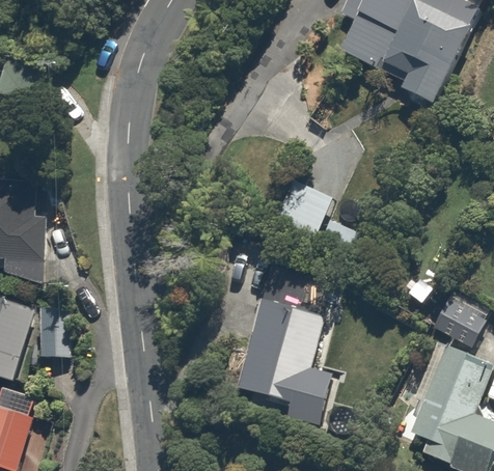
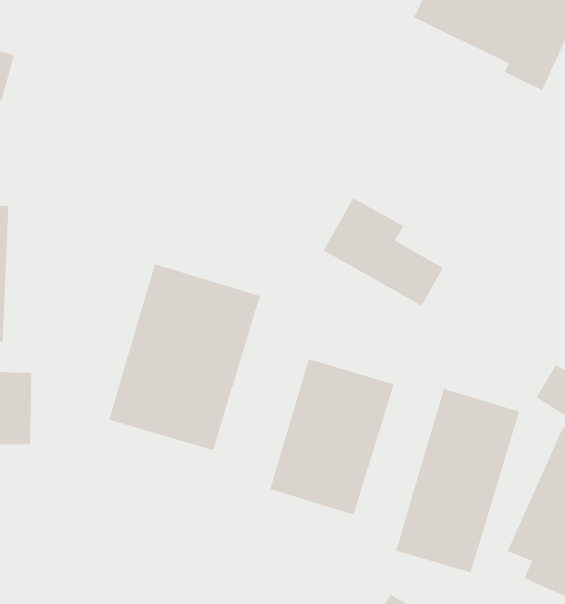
building: none -> [109,264,261,451]
building: none -> [396,388,520,573]

